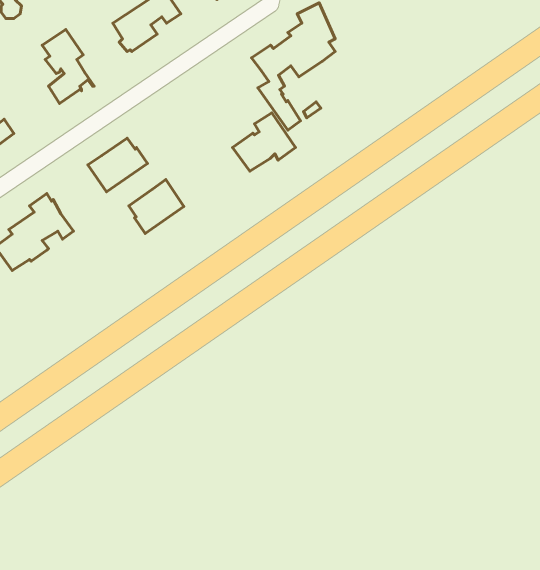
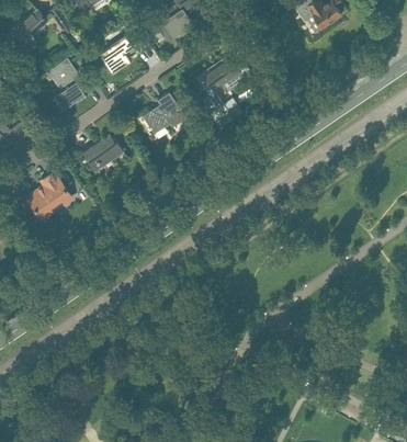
building: [232,113,295,171] -> [142,94,185,135]
building: [129,180,184,233] -> none

